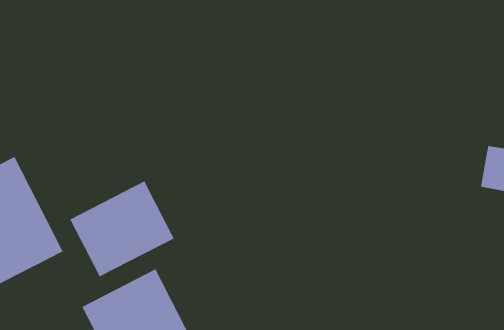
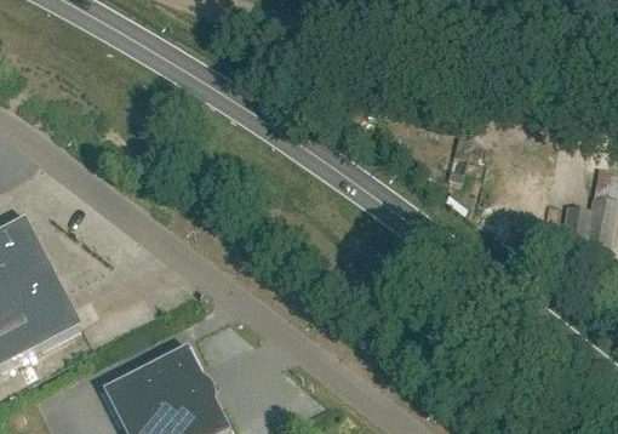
building: [70,181,175,277] -> none

